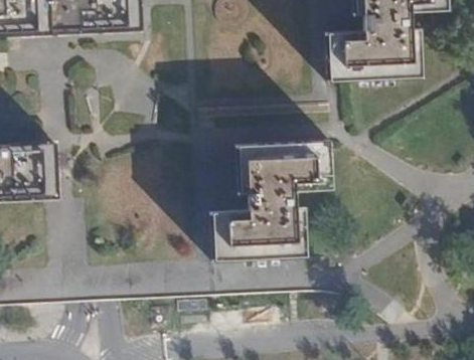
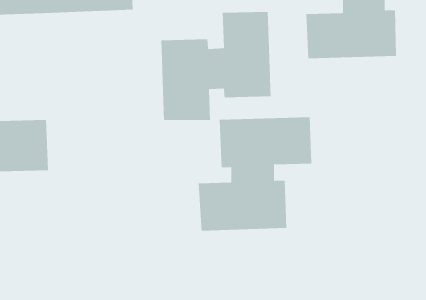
building: none -> [161,11,271,121]

